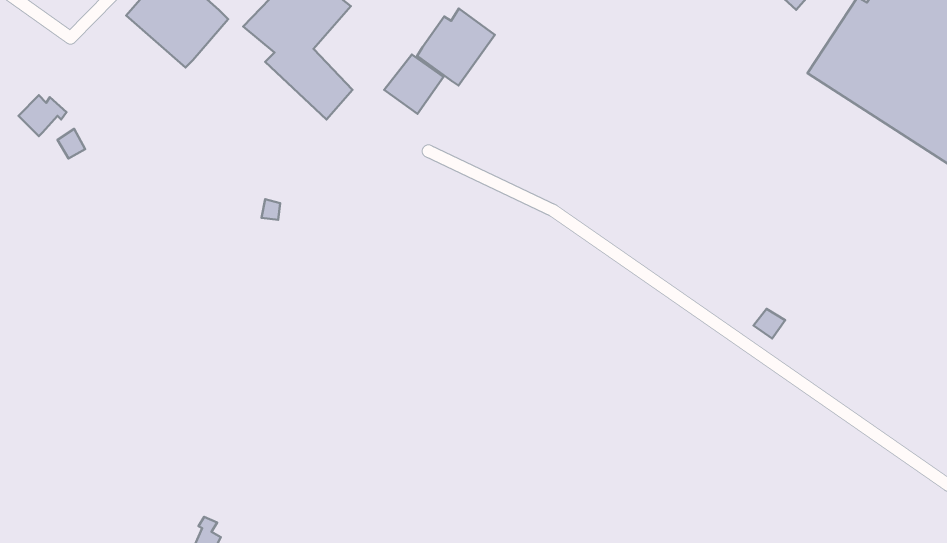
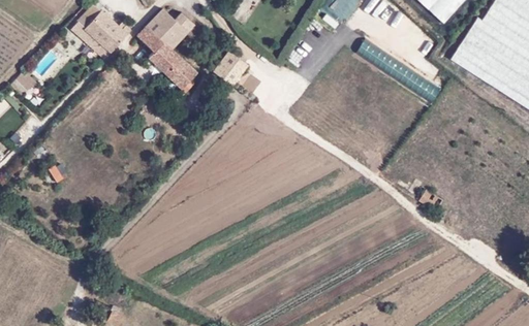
building: [417,9,495,85] -> none

